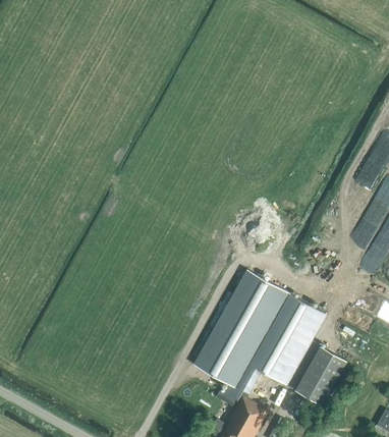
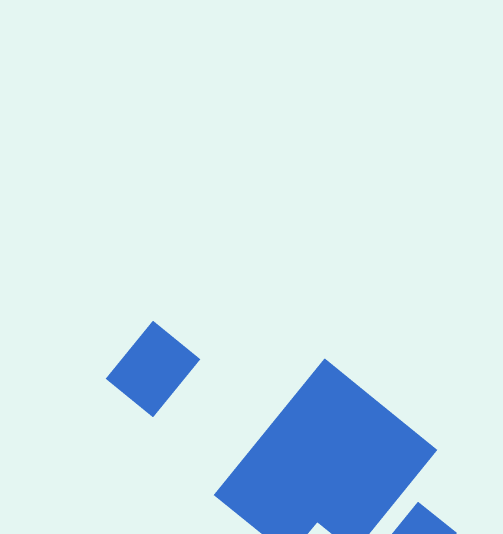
building: none -> [105,319,201,418]

